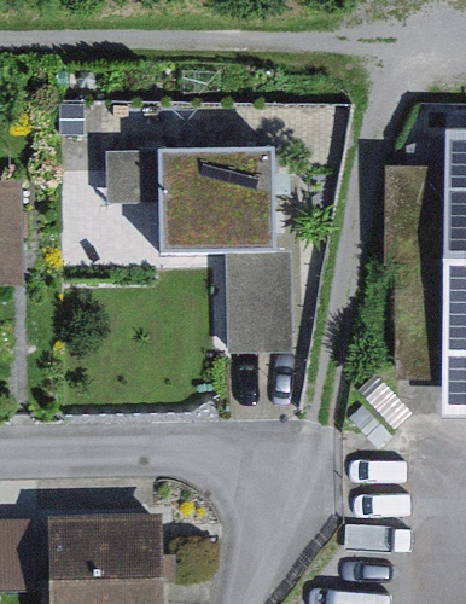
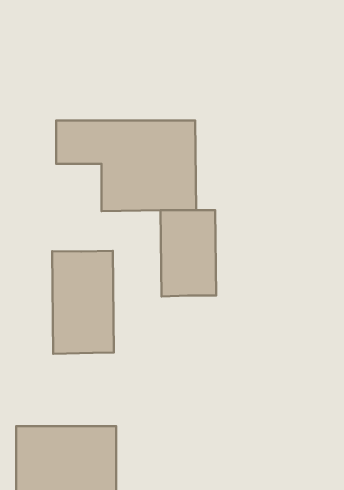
building: none -> [52,251,114,354]

